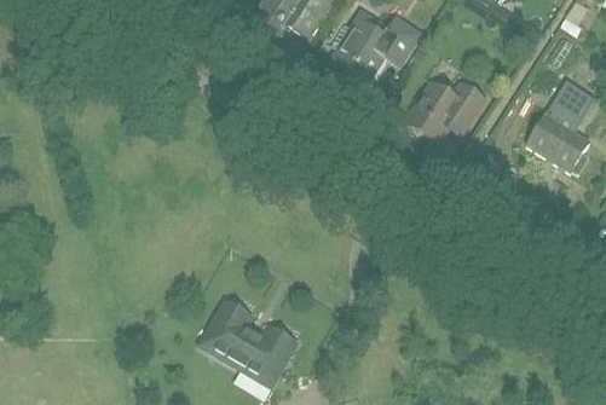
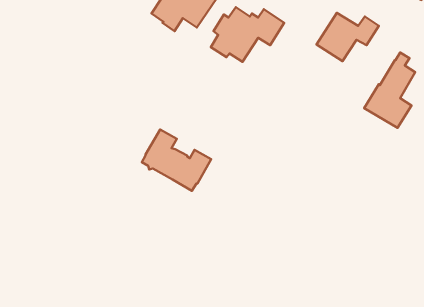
building: [404,80,485,143] -> [317,13,379,61]
building: [203,300,294,380] -> [142,130,211,191]

